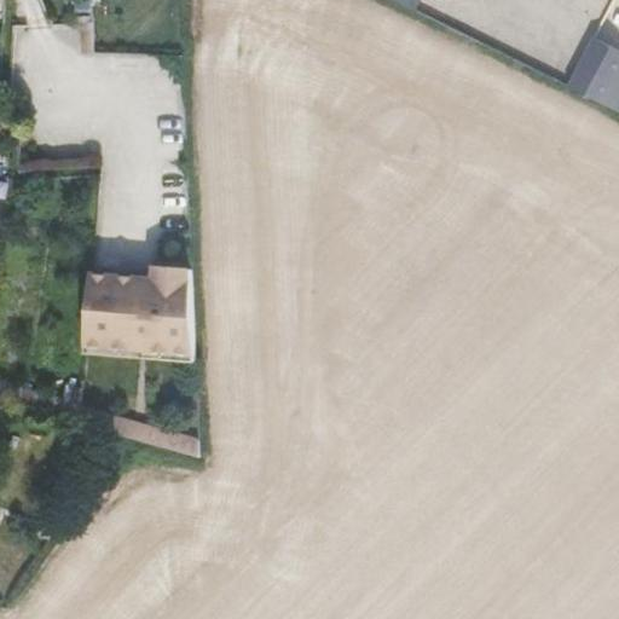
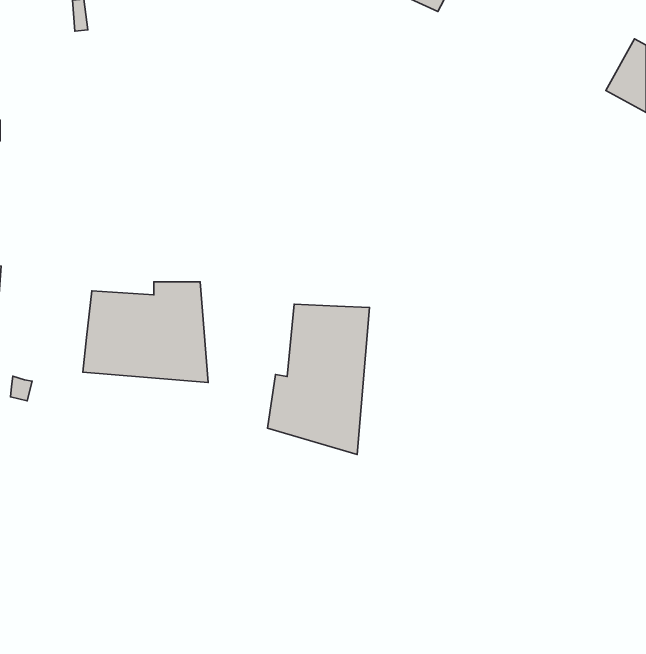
building: none -> [267,304,369,455]

